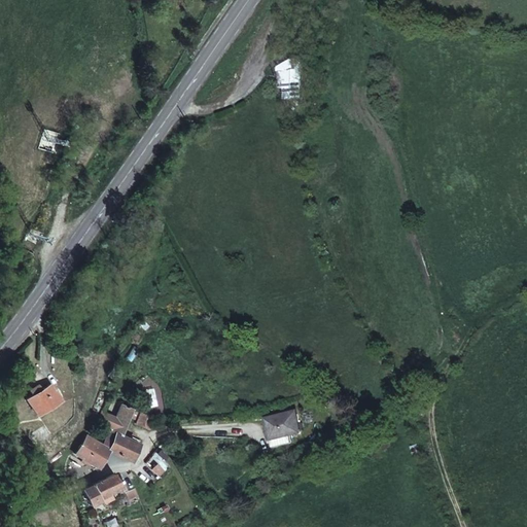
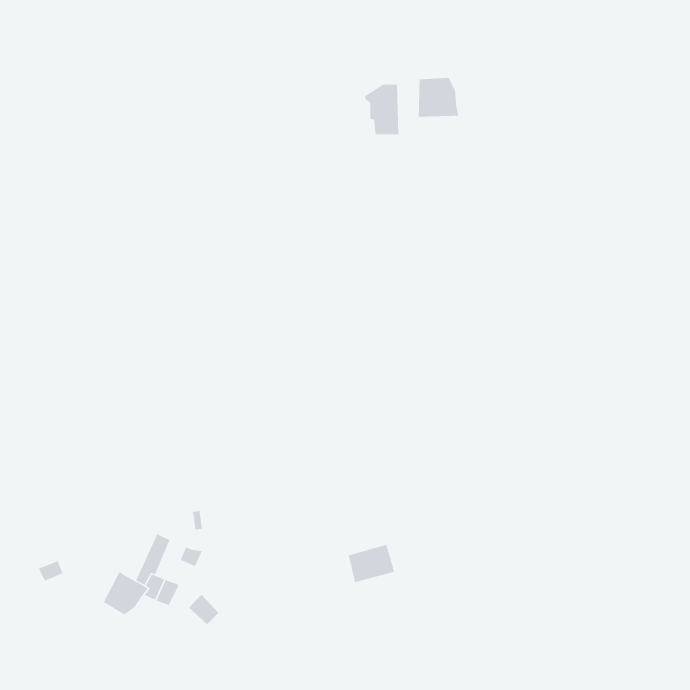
building: none -> [418,77,459,118]
building: [28,383,61,414] -> none
building: [82,476,121,505] -> none

